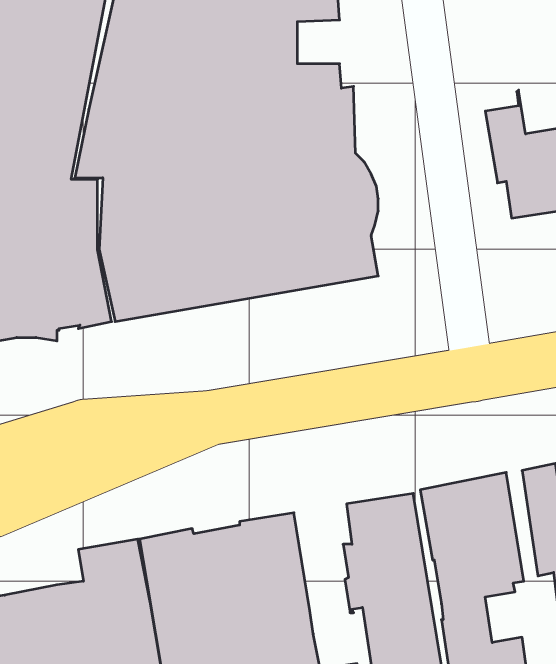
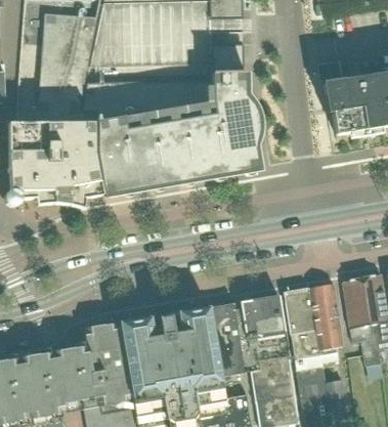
building: none -> [211,300,245,376]

